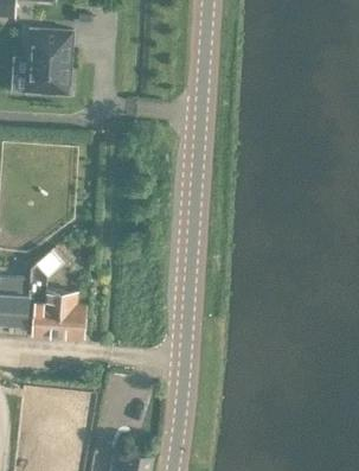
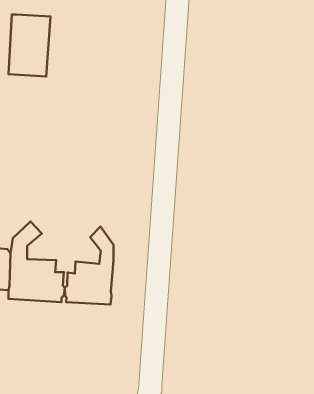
building: none -> [65,227,114,305]

